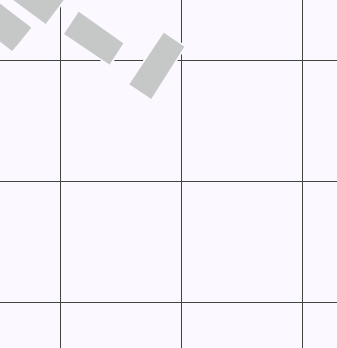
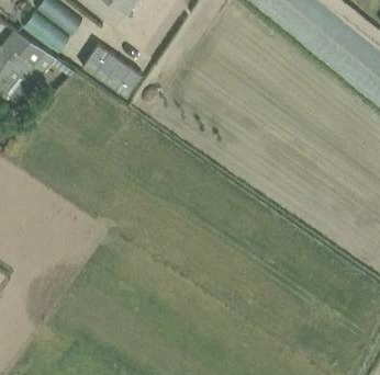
building: [128,31,185,100] -> none

